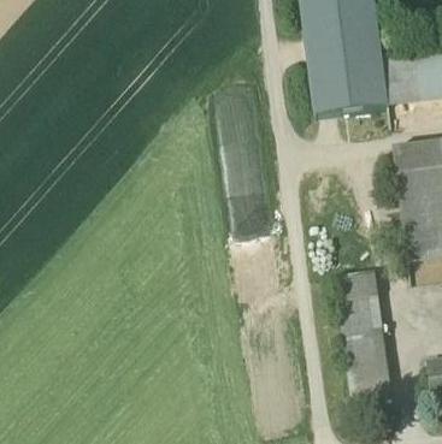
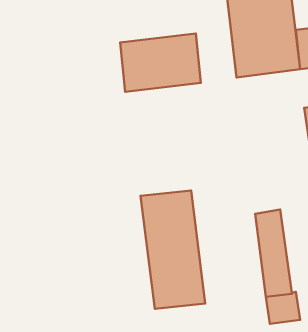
building: none -> [120,34,201,92]
building: none -> [141,191,205,309]

